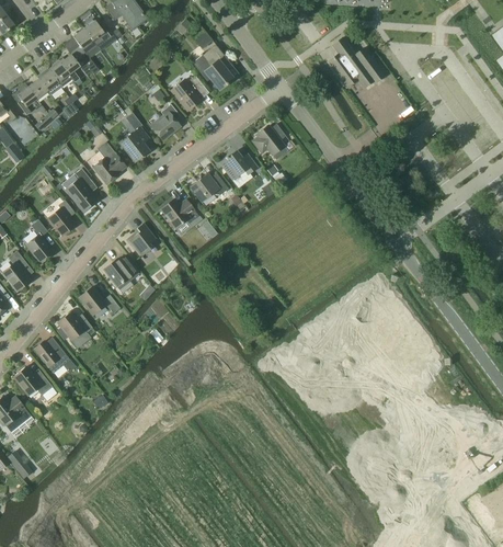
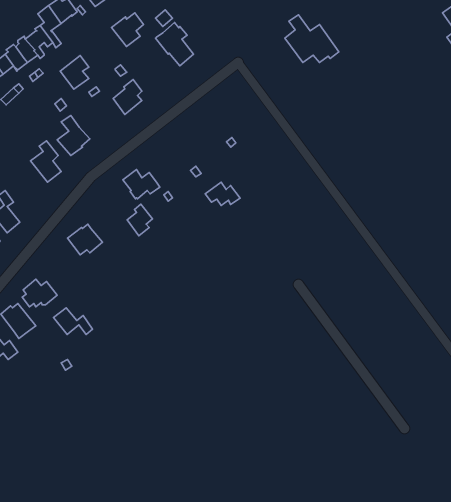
building: [172,75,205,110] -> [112,13,143,47]
building: [254,123,286,153] -> none
building: [121,126,150,161] -> [60,55,89,89]
building: [221,150,258,174] -> [205,182,240,205]
building: [191,172,229,202] -> none
building: [48,200,76,235] -> none
building: [130,223,157,255] -> [127,204,152,236]
building: [80,286,121,314] -> [53,308,93,334]

